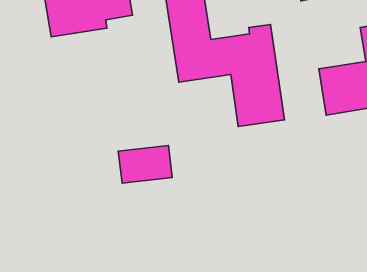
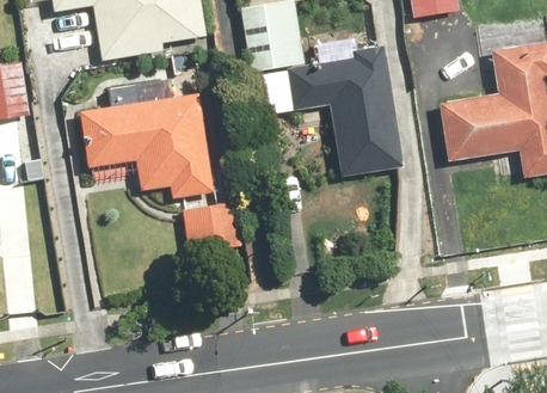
building: none -> [76,81,226,197]

